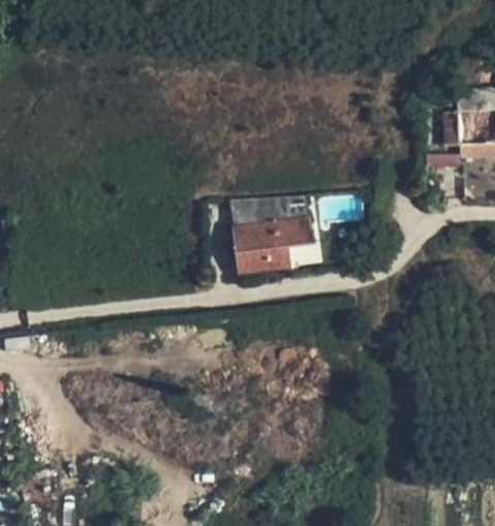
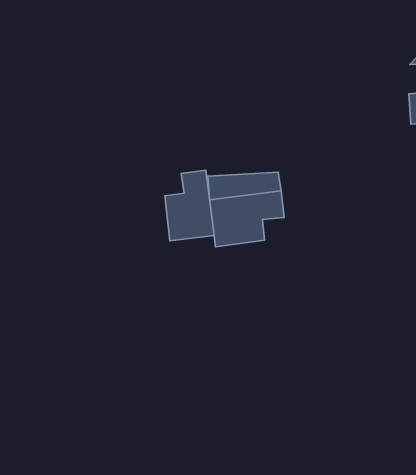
building: none -> [165,170,214,241]

